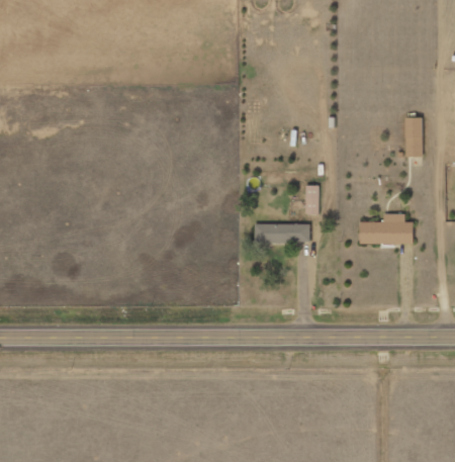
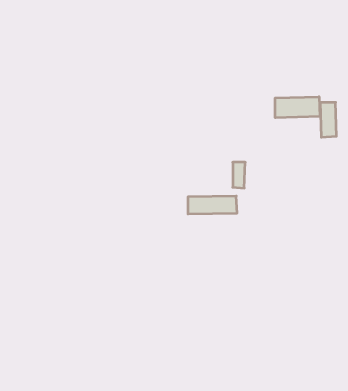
building: none -> [275,97,320,118]
building: [360,213,414,244] -> none

